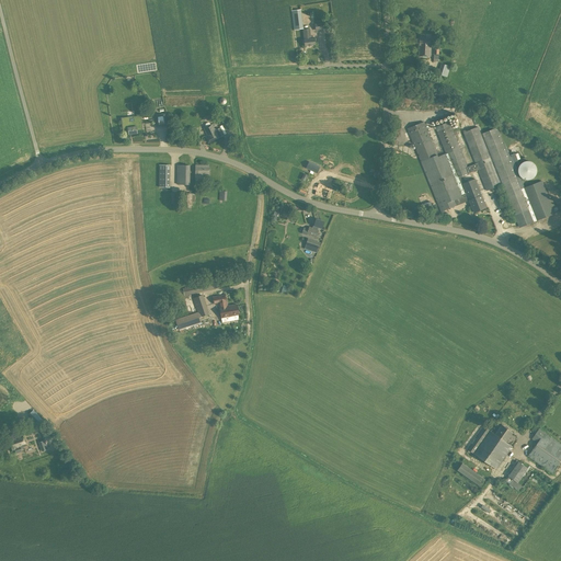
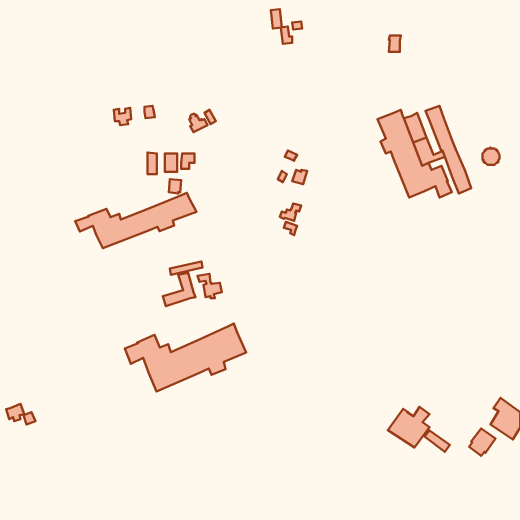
building: [482,127,554,228] -> none
building: none -> [75,193,196,248]
building: none -> [125,323,246,391]
building: [468,425,513,469] -> [388,407,430,448]

